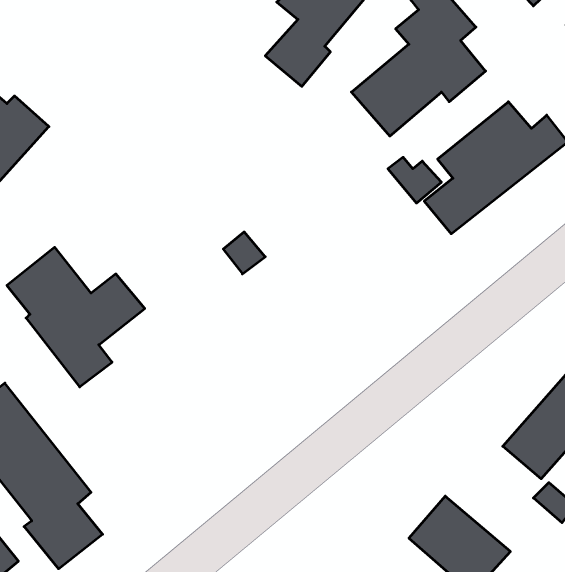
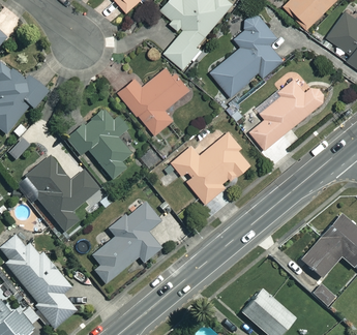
building: none -> [119,65,190,134]
building: none -> [68,110,131,178]
building: none -> [173,132,252,203]
building: none -> [93,203,162,284]

